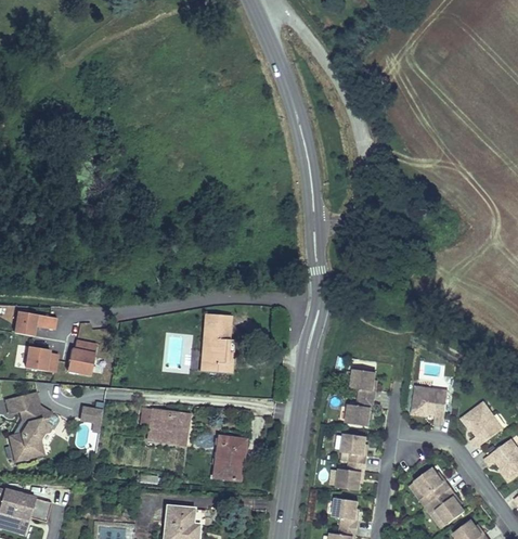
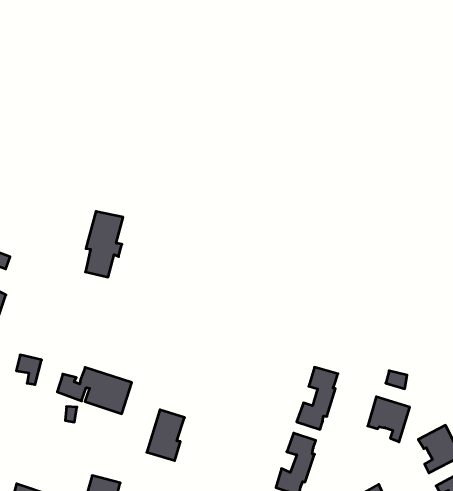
building: [202,312,234,371] -> [85,211,123,277]
building: [66,337,94,375] -> none

